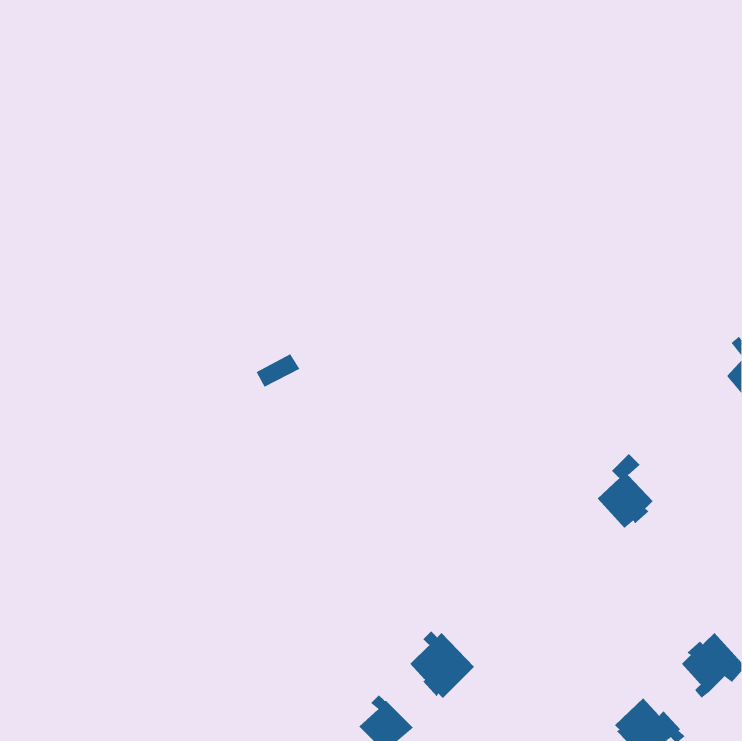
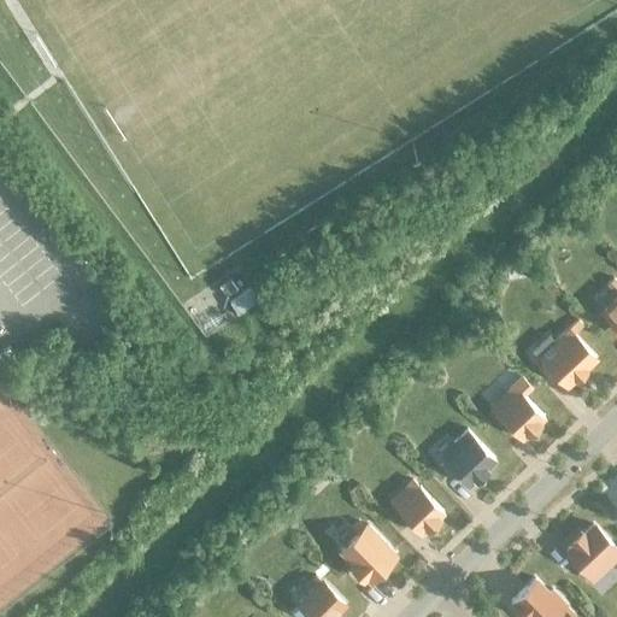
building: none -> [539,322,594,386]
building: none -> [437,430,494,487]
building: none -> [395,482,441,535]

